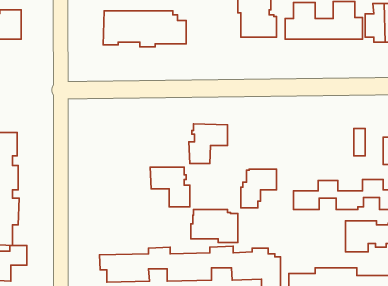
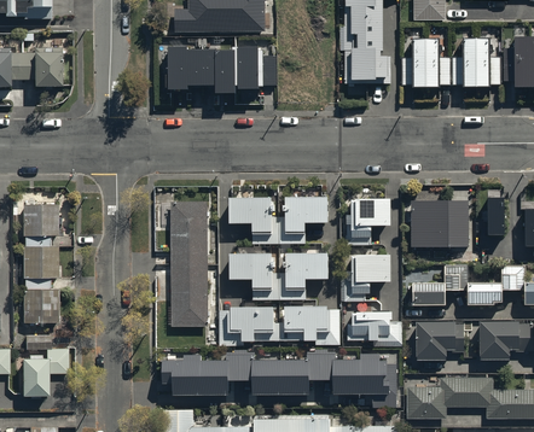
building: none -> [228,193,279,244]
building: none -> [347,193,390,244]
building: none -> [169,200,208,326]
building: none -> [414,204,472,239]
building: none -> [279,250,327,299]
building: none -> [219,304,280,346]
building: none -> [348,308,402,344]
building: none -> [416,317,463,357]

